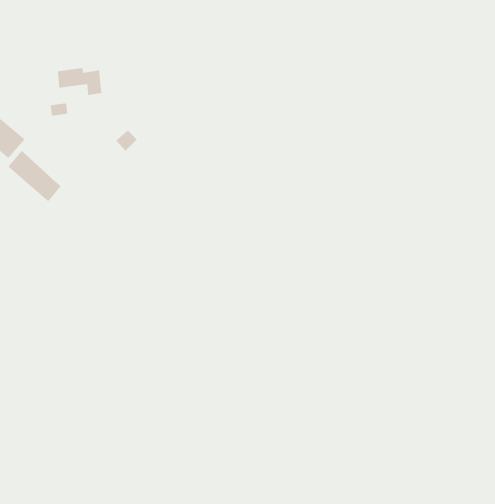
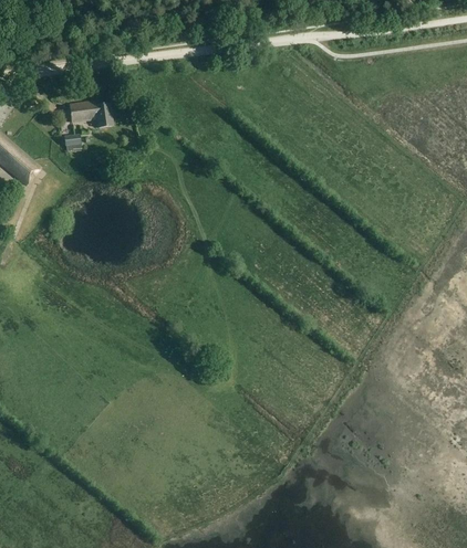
building: [8,150,62,202] -> none

